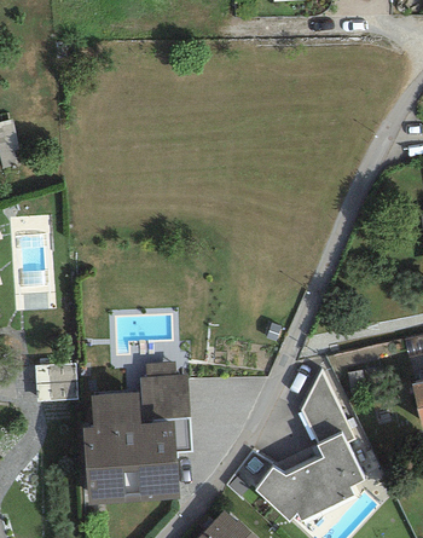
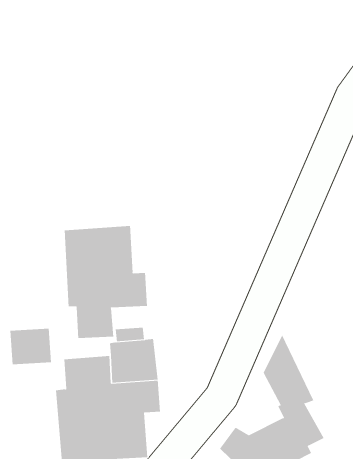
building: none -> [64,225,147,339]

